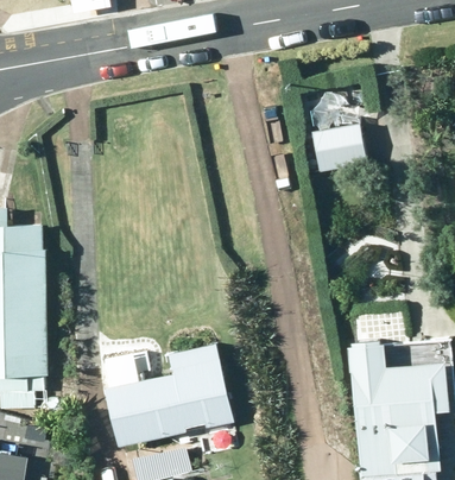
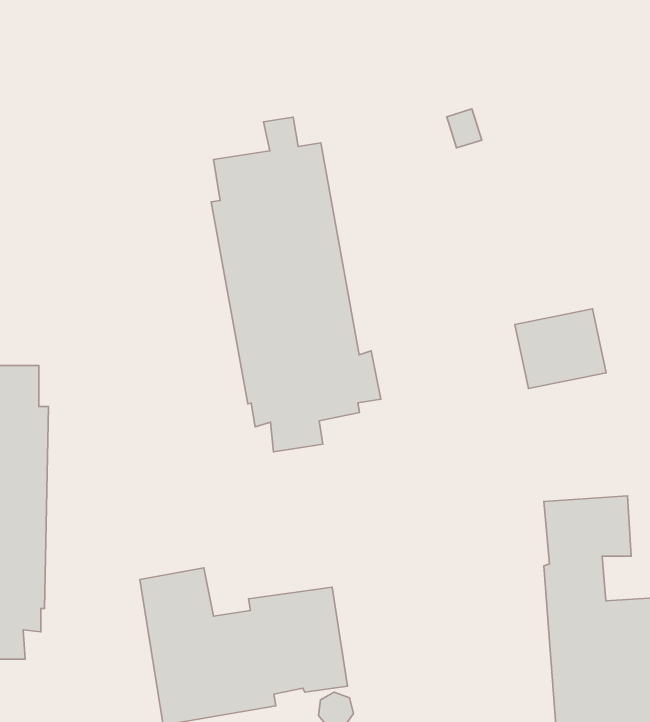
building: none -> [211,117,381,452]
building: [309,121,365,170] -> [515,309,606,389]

